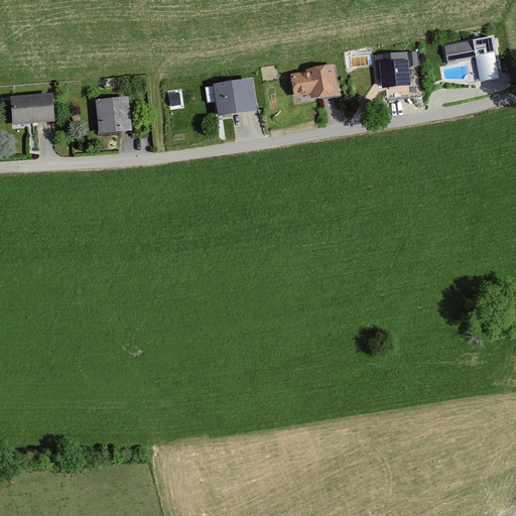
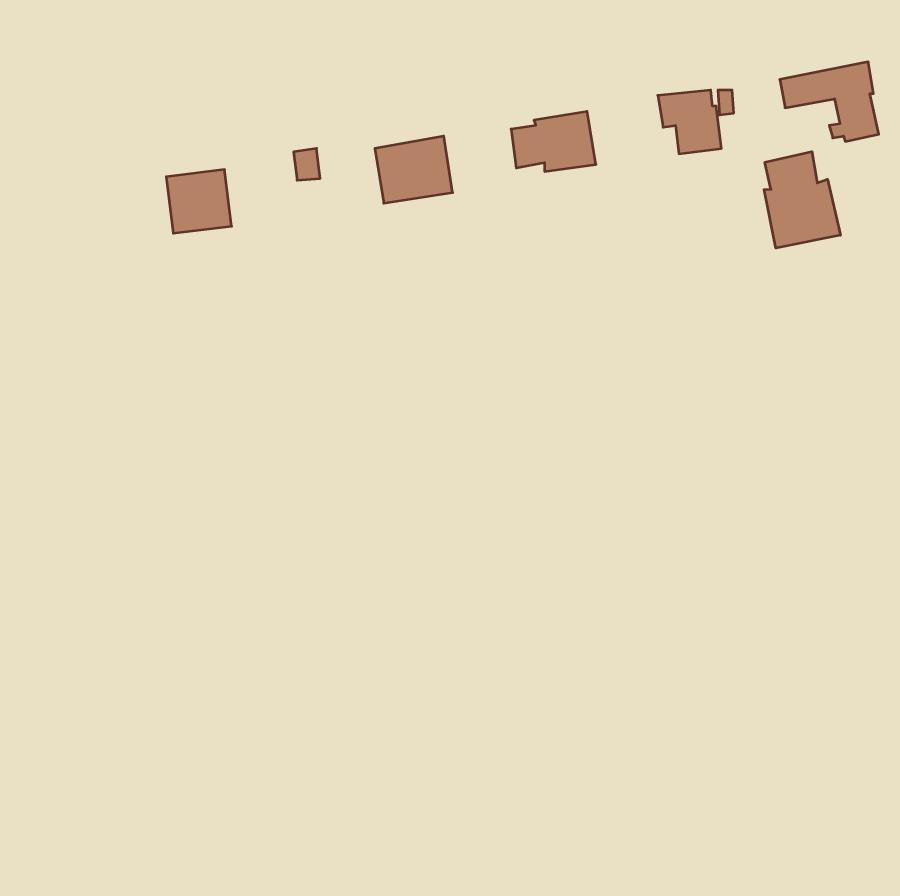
building: none -> [764,152,840,248]
building: [9,92,55,125] -> none

